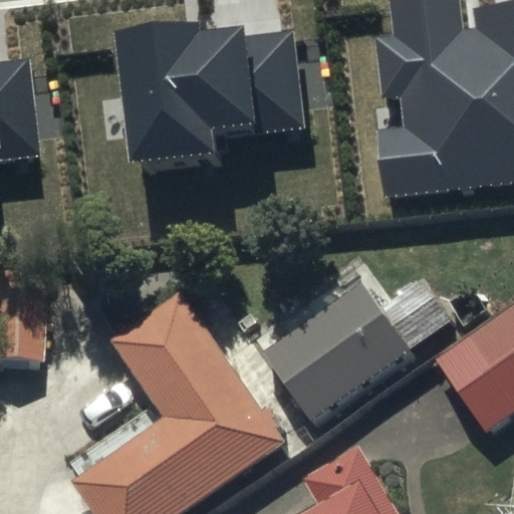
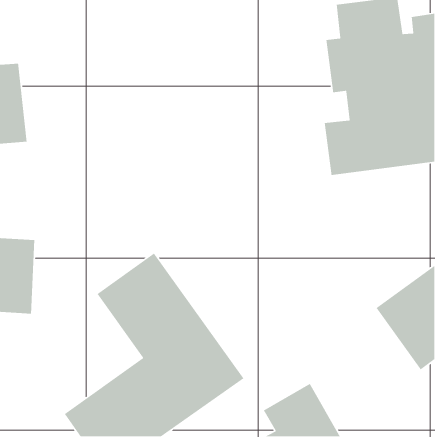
building: [125,42,308,188] -> none
building: [258,274,451,418] -> none

